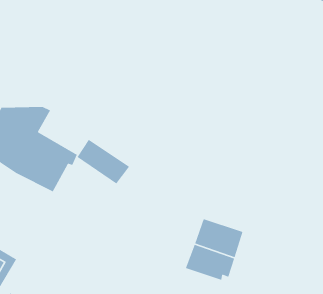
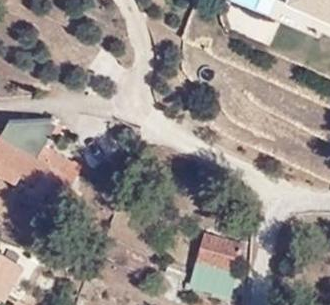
building: [77,139,130,185] -> none

